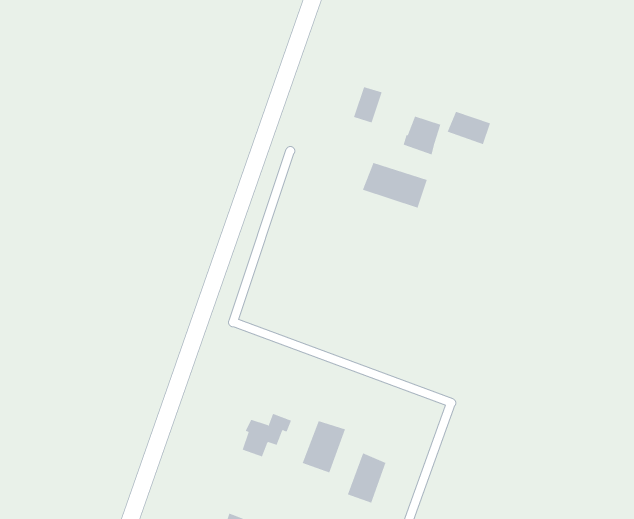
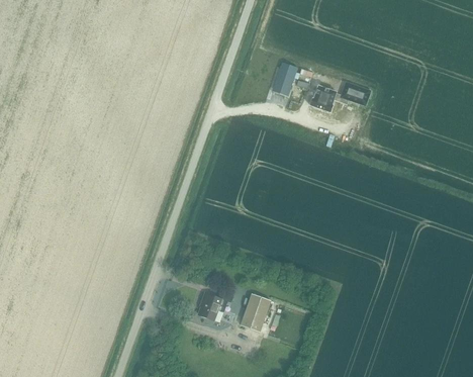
building: [362,162,427,209] -> none
building: [347,453,386,504] -> none

